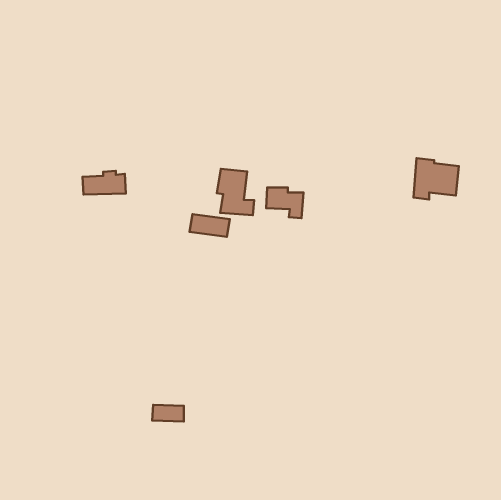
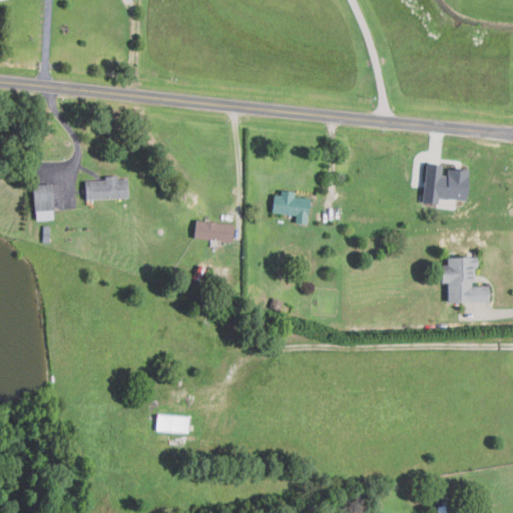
building: [217,169,254,215] -> none
building: none -> [34,184,54,221]
building: none -> [440,258,488,303]

